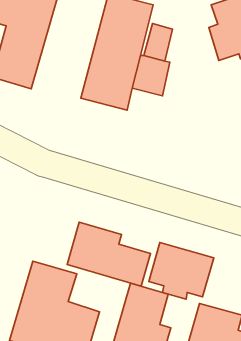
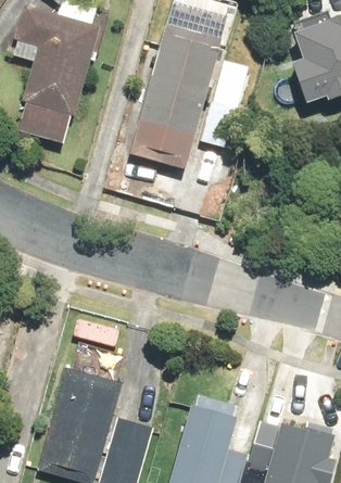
building: [67,222,151,286] -> none
building: [149,242,214,299] -> none

